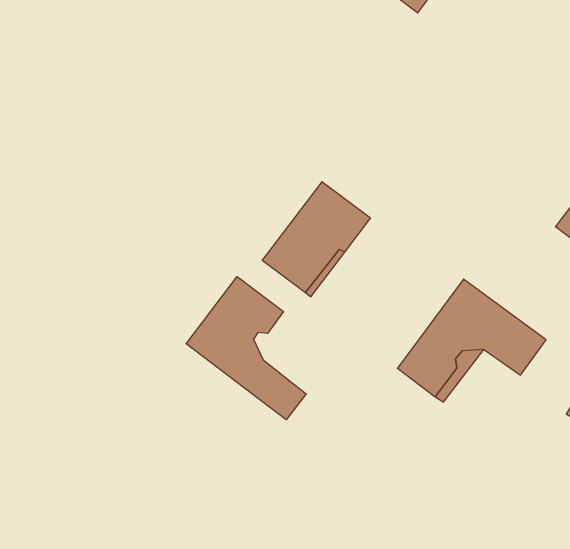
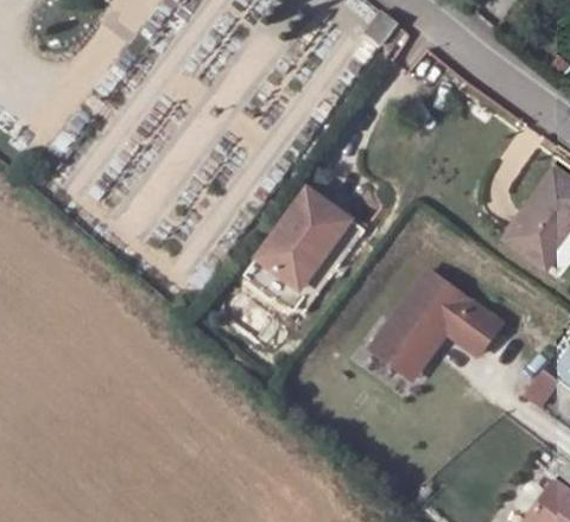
building: [186,277,306,420] -> none

